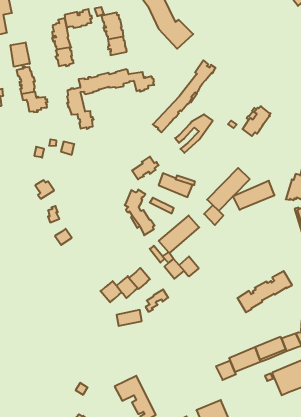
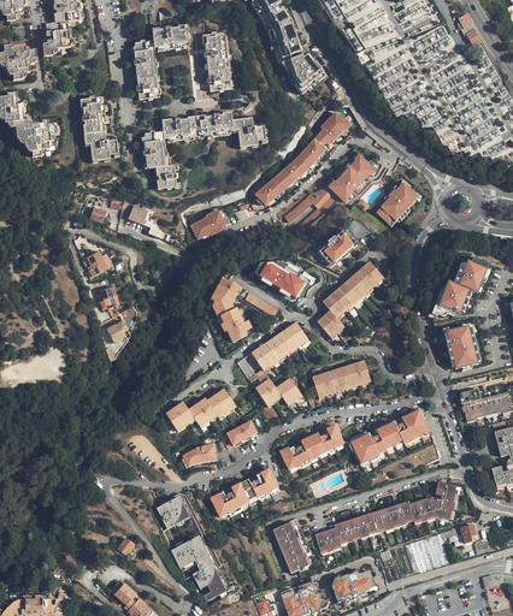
building: [11,42,30,67] -> none
building: none -> [330,153,377,200]
building: none -> [320,229,355,261]
building: [132,157,159,179] -> [194,207,231,237]
building: [233,181,275,210] -> [312,361,370,397]
building: none -> [281,425,343,467]
building: none -> [211,468,277,514]
building: none -> [157,496,190,527]
building: none -> [271,520,311,573]
building: none -> [331,568,375,598]

